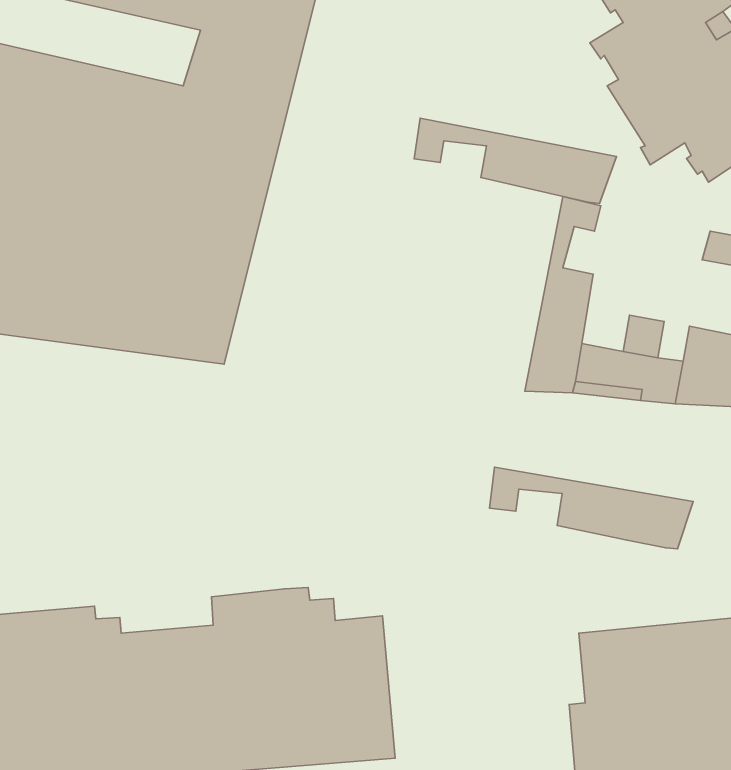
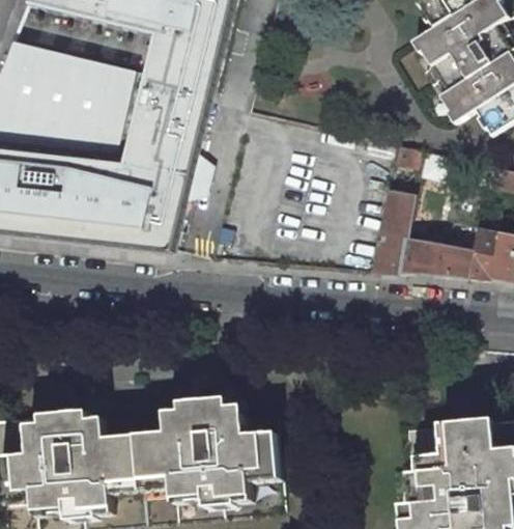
building: [414,118,617,203] -> none
building: [490,467,693,549] -> none

